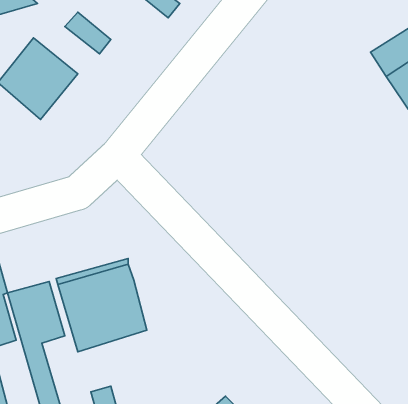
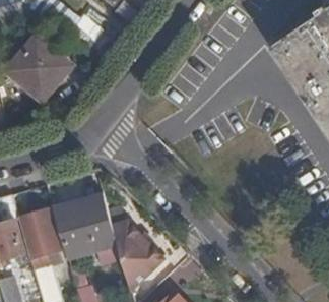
building: none -> [107,209,163,290]

